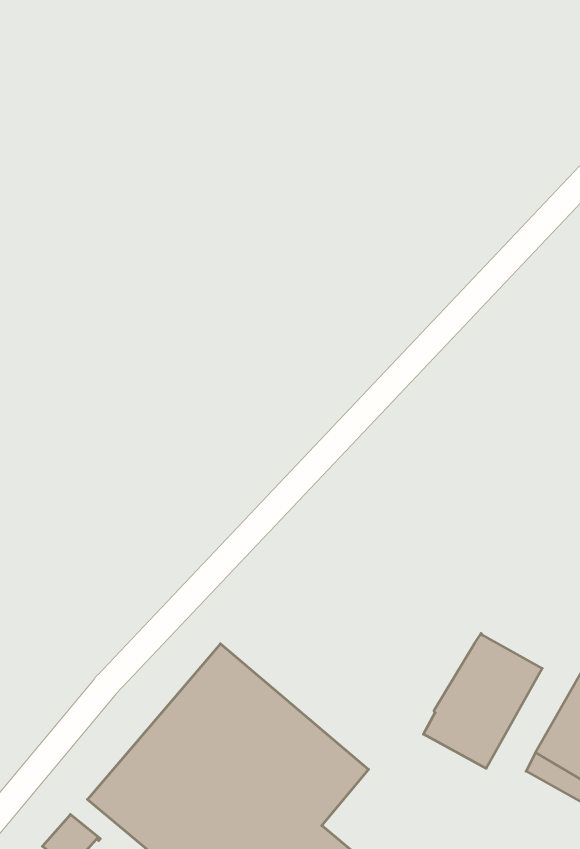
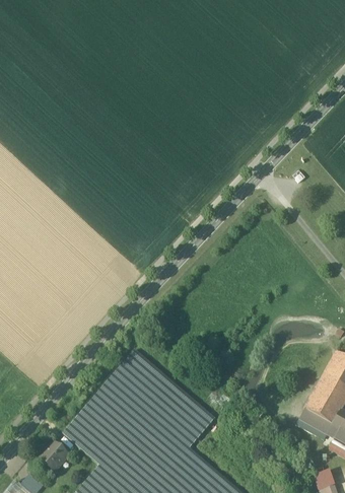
building: [423,633,542,768] -> none

